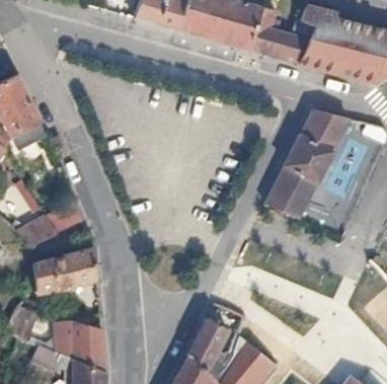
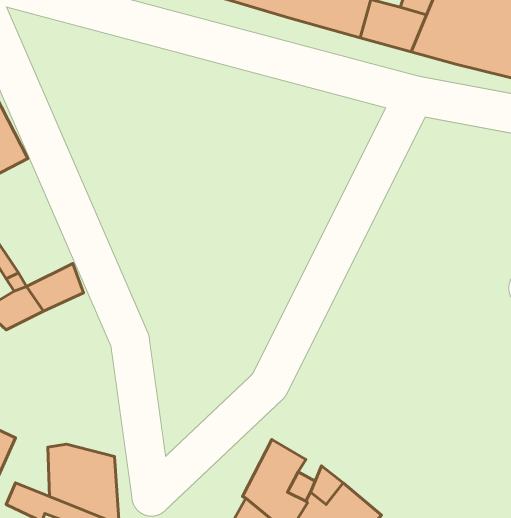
building: [264,109,350,217] -> none
building: [33,247,98,295] -> none

